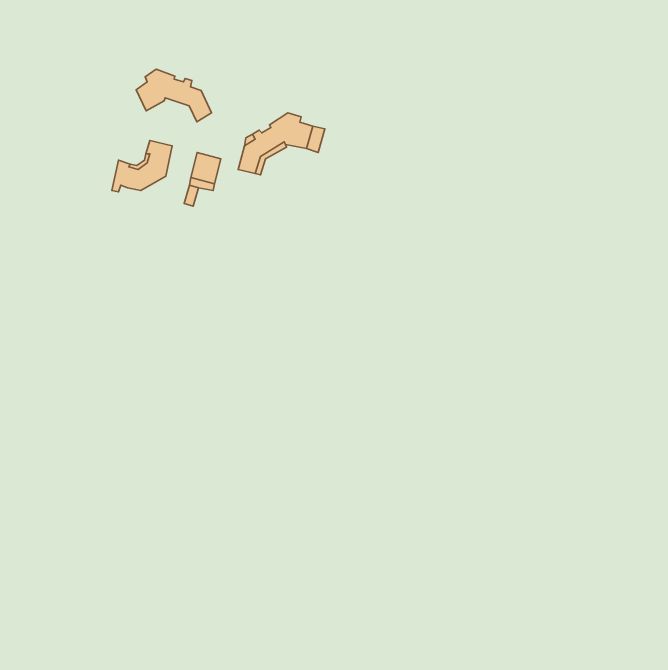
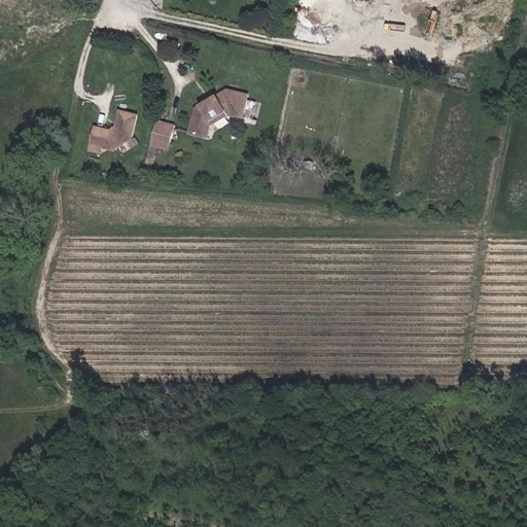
building: [136,69,212,122] -> none

